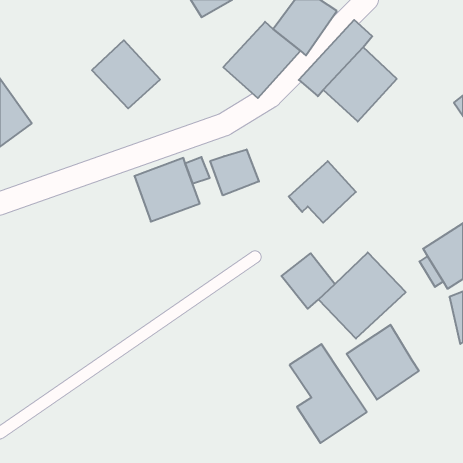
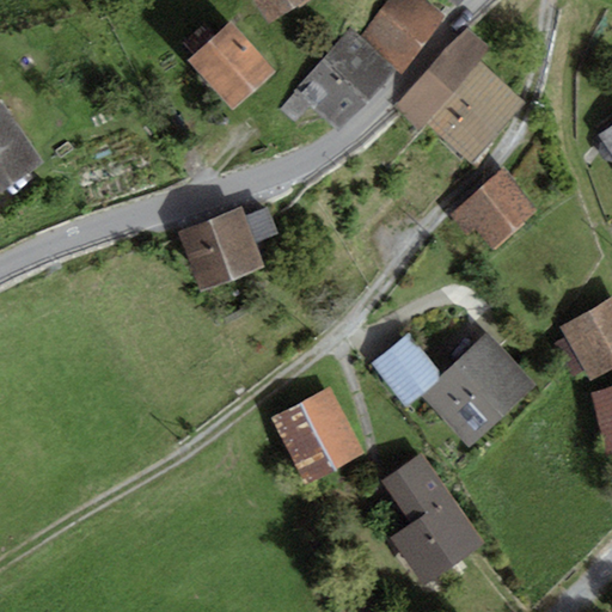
building: [92,40,160,108] -> [186,19,276,109]
building: [210,149,259,195] -> none
building: [289,161,356,223] -> [449,167,538,249]
building: none -> [269,386,365,485]
building: [347,325,419,400] -> none

